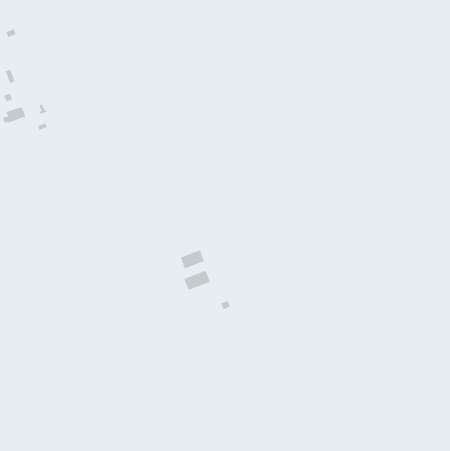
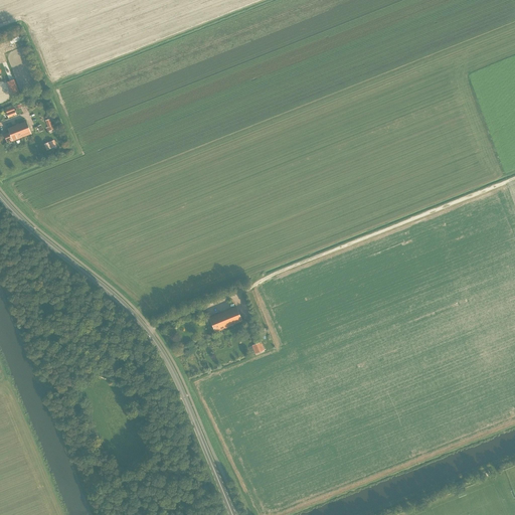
building: [180,249,205,270] -> none

